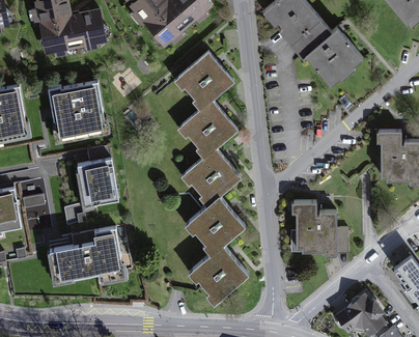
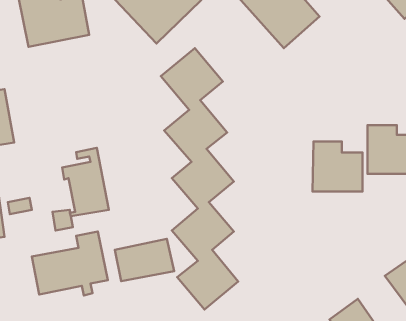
building: [292,22,356,86] -> none
building: [55,86,114,146] -> none
building: [288,199,336,247] -> [312,142,362,192]
building: none -> [115,239,174,281]

